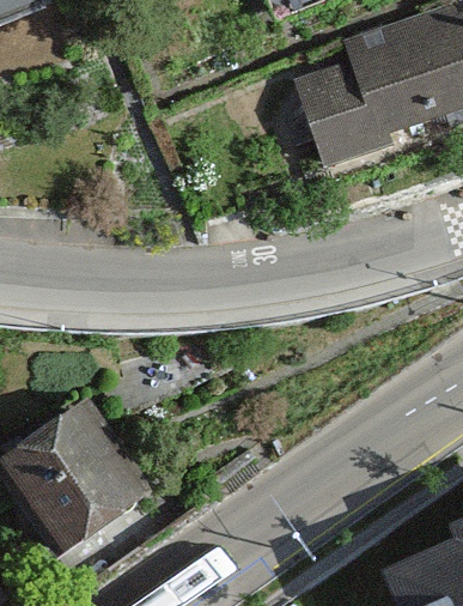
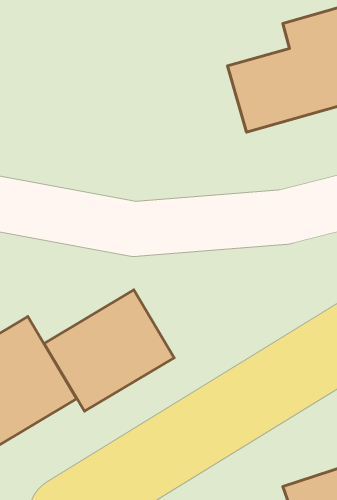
building: none -> [44,290,174,411]

